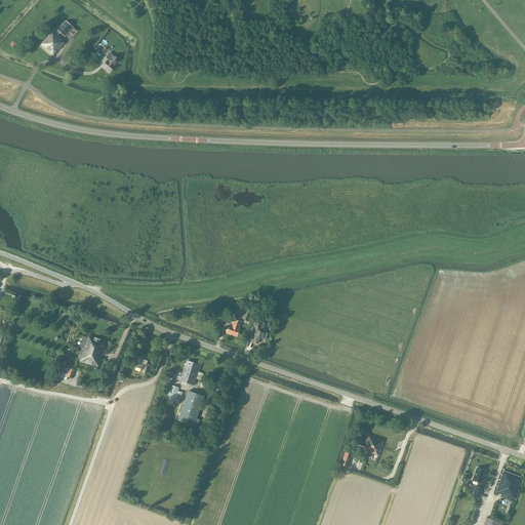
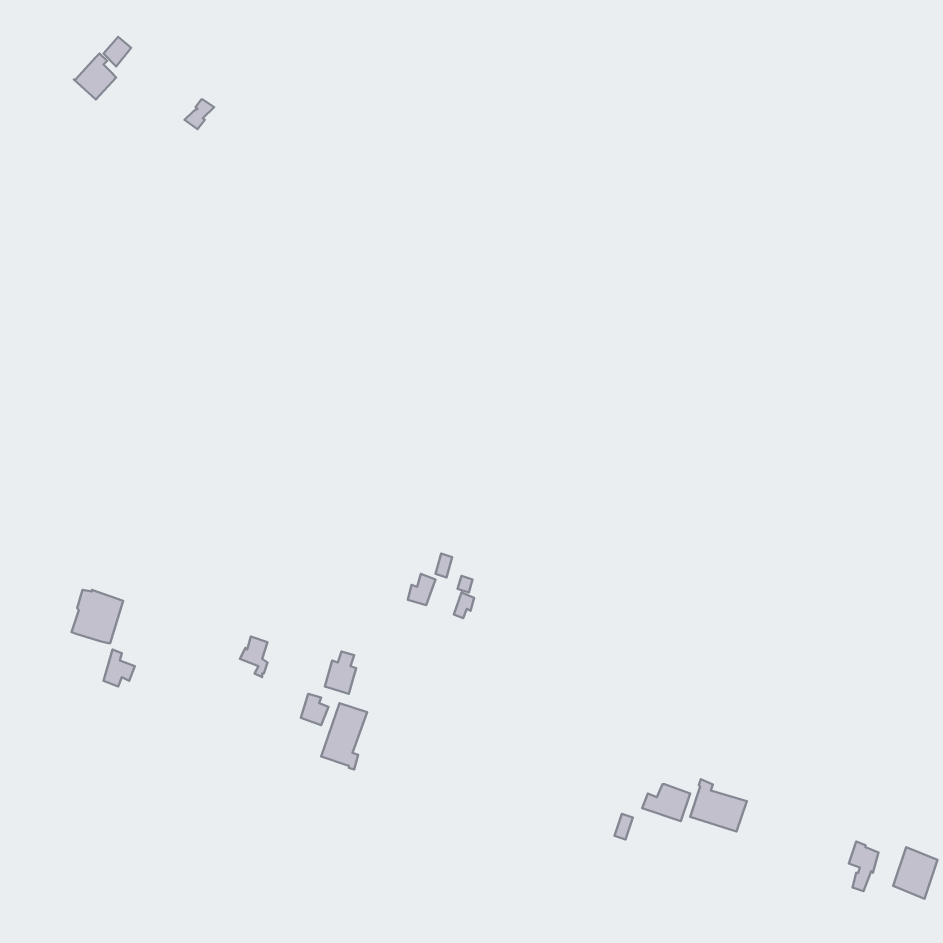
building: [77,336,106,366] -> [72,590,123,643]
building: none -> [690,779,747,832]

